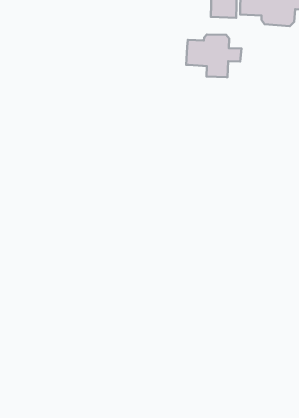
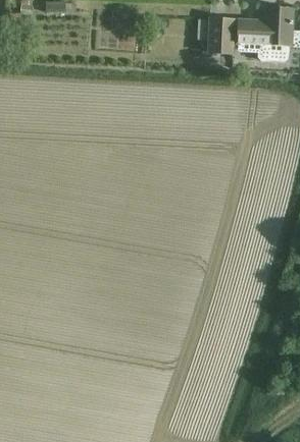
building: [186,34,242,77] -> none

